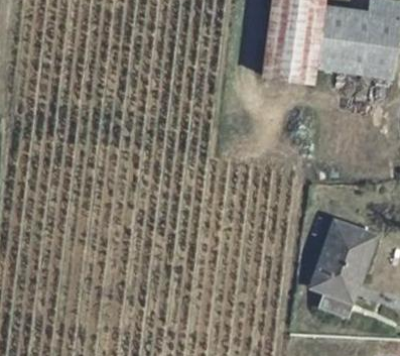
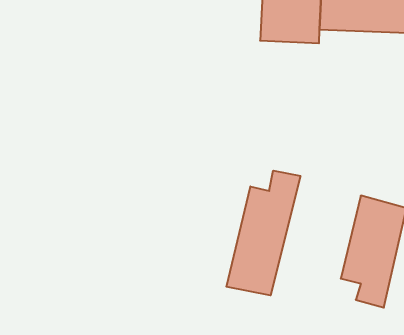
building: none -> [226,171,300,295]

